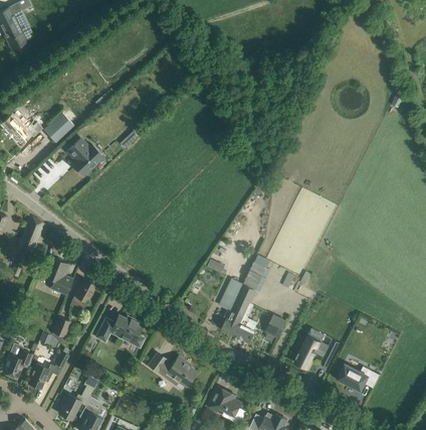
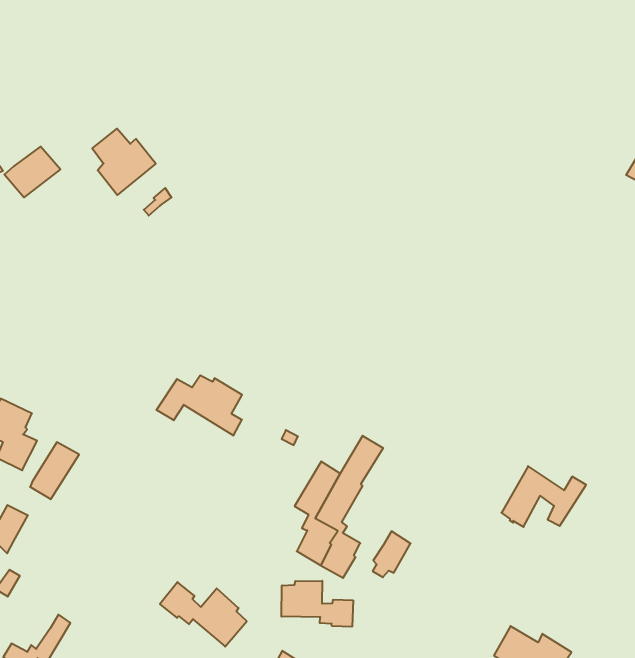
building: [66,139,102,176] -> [92,129,156,195]
building: [94,315,143,347] -> [156,375,242,435]
building: [292,334,339,369] -> [501,466,586,527]
building: none -> [281,581,353,627]

